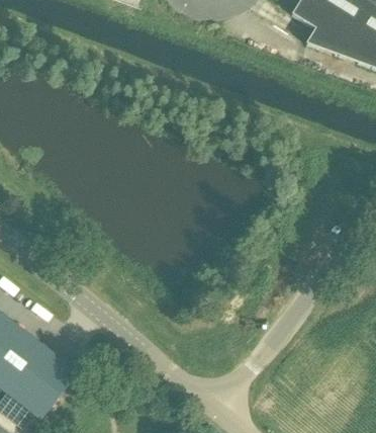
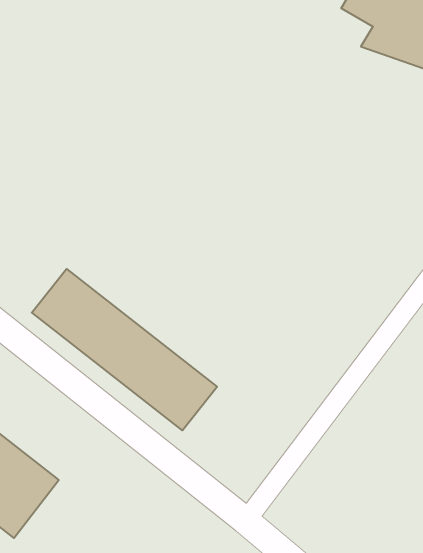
building: none -> [32,269,217,430]

